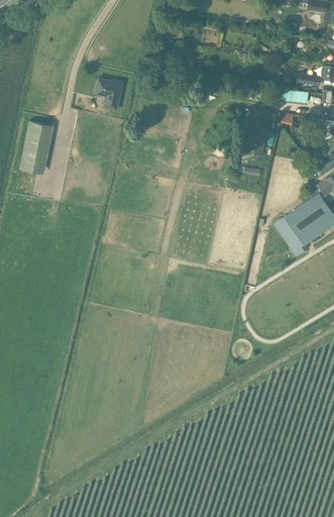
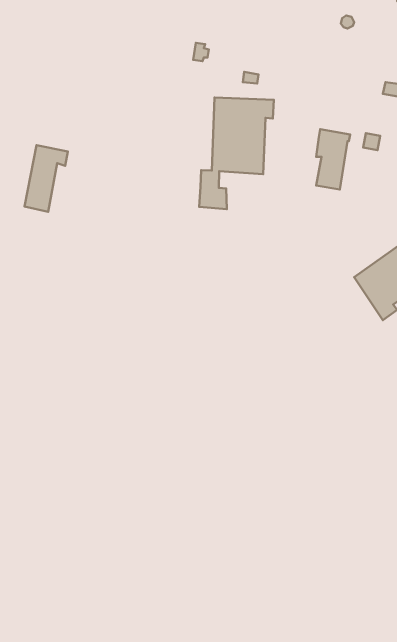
building: [95,79,122,110] -> none
building: none -> [199,98,274,209]

